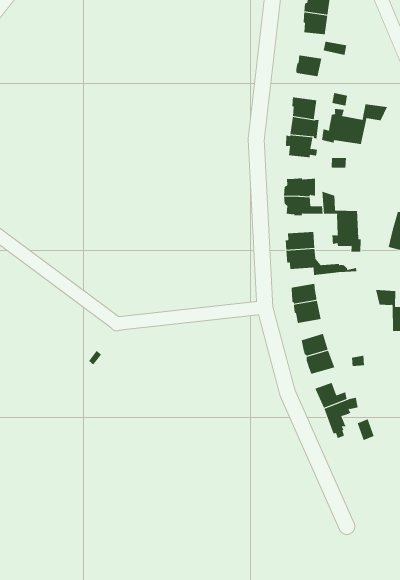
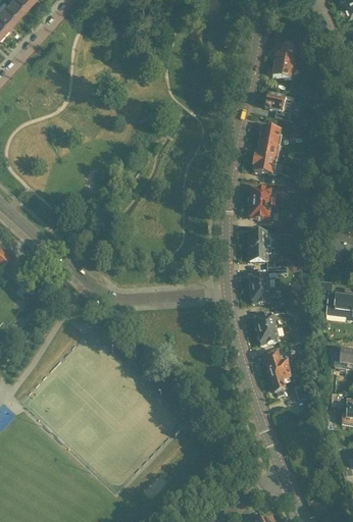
building: [321,103,388,145] -> none
building: [322,191,361,253] -> none

